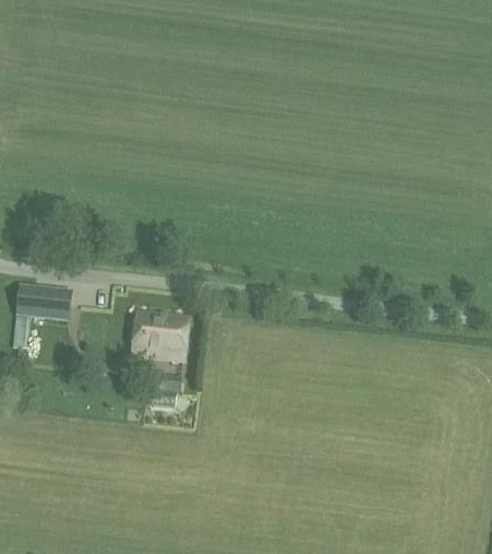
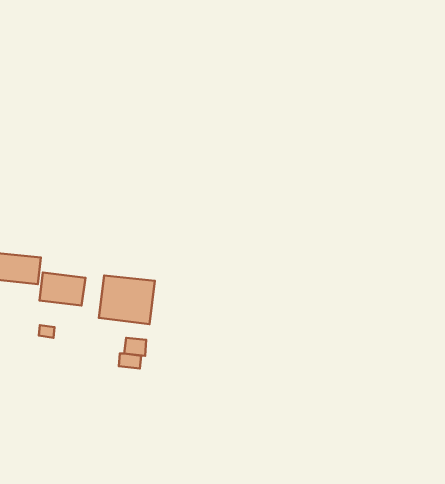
building: none -> [40,272,86,306]

